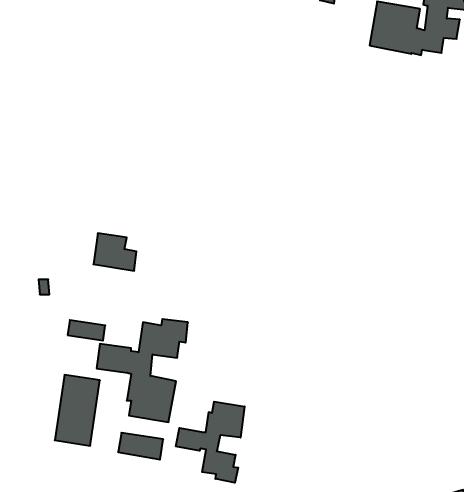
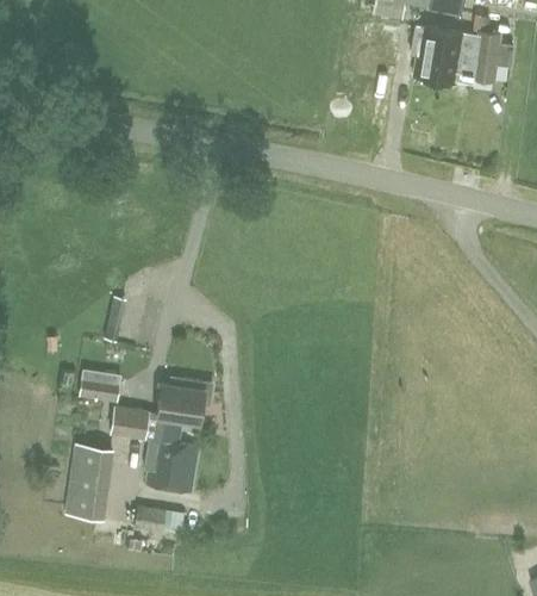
building: [176,402,245,483] -> none

